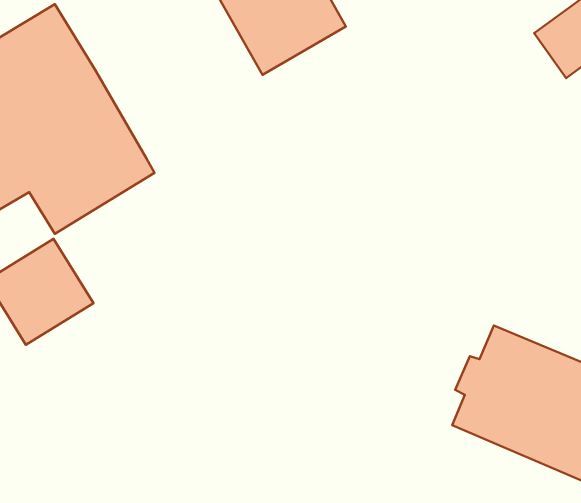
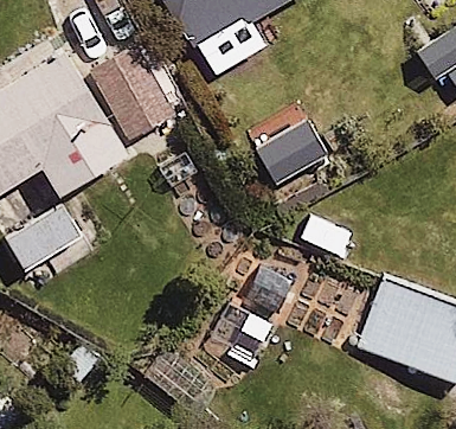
building: none -> [90,51,179,147]

